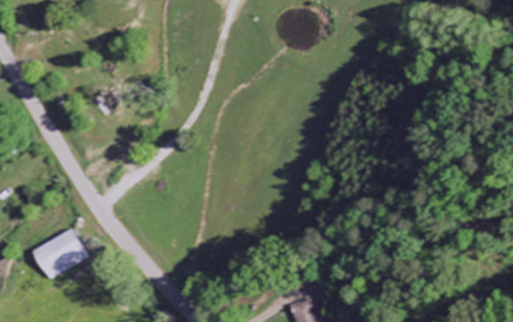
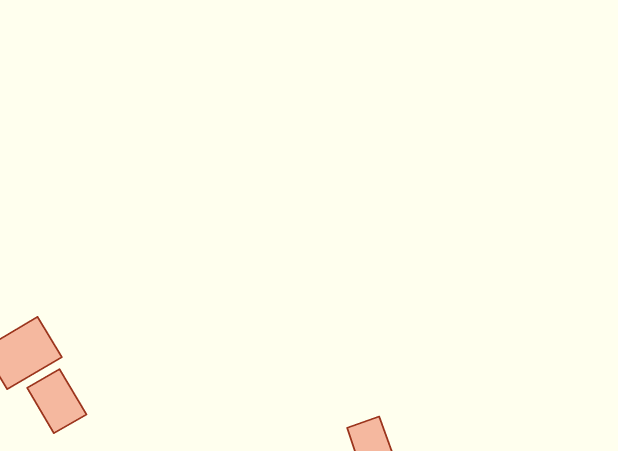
building: none -> [27,369,86,433]

